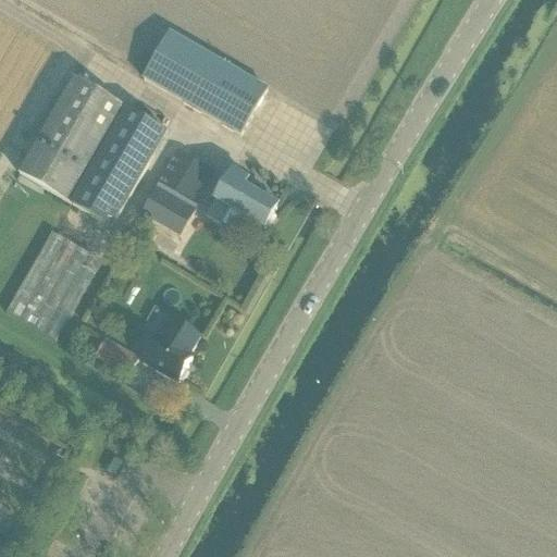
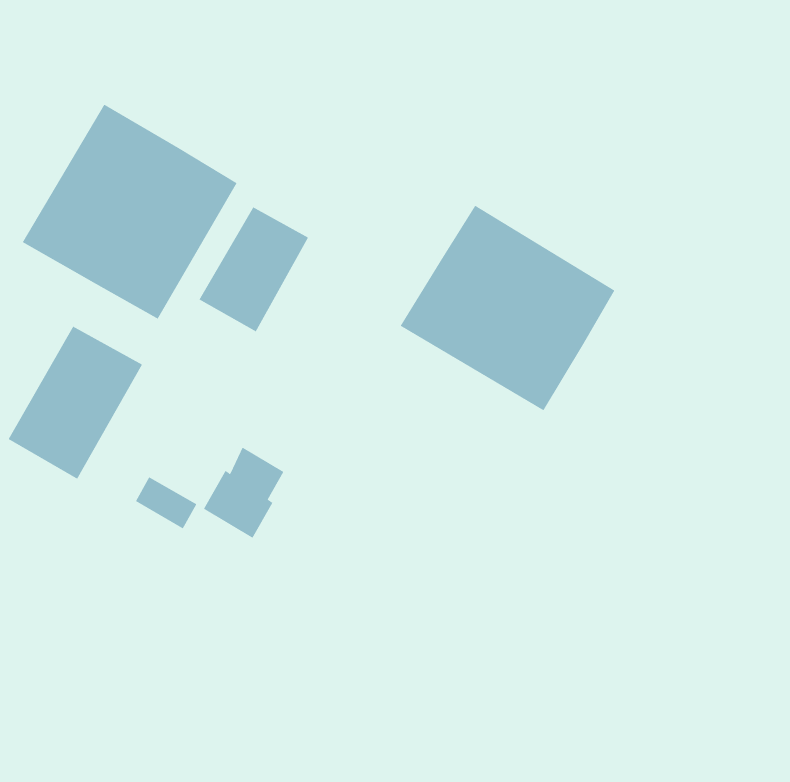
building: [141,27,268,129] -> none
building: none -> [400,205,615,411]
building: [207,165,276,223] -> none

